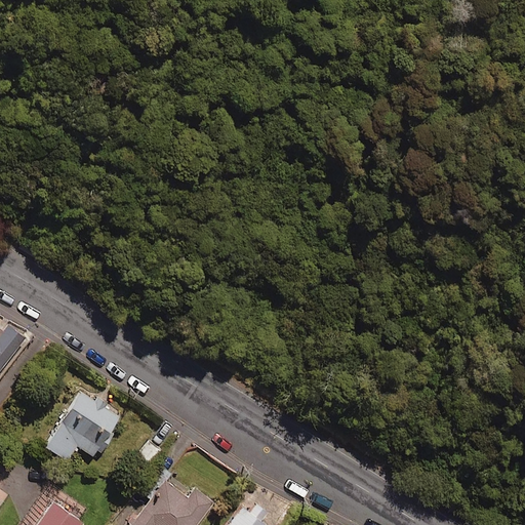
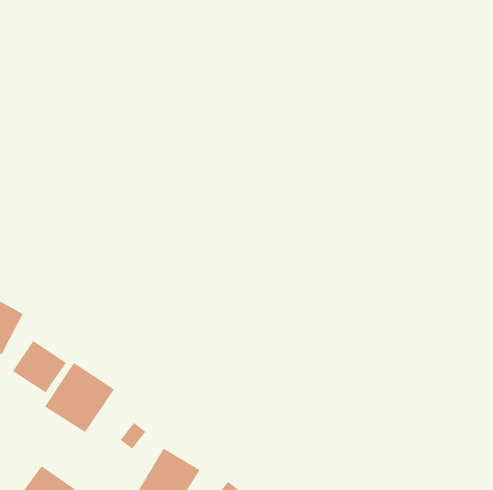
building: none -> [12,340,67,393]

